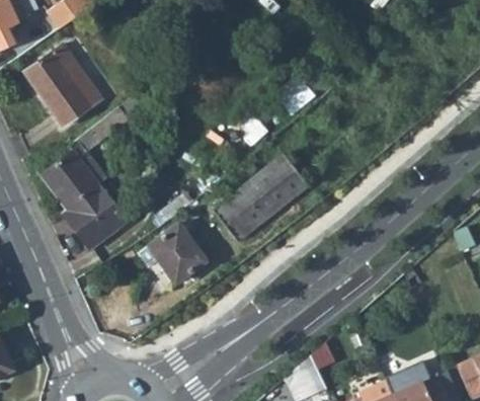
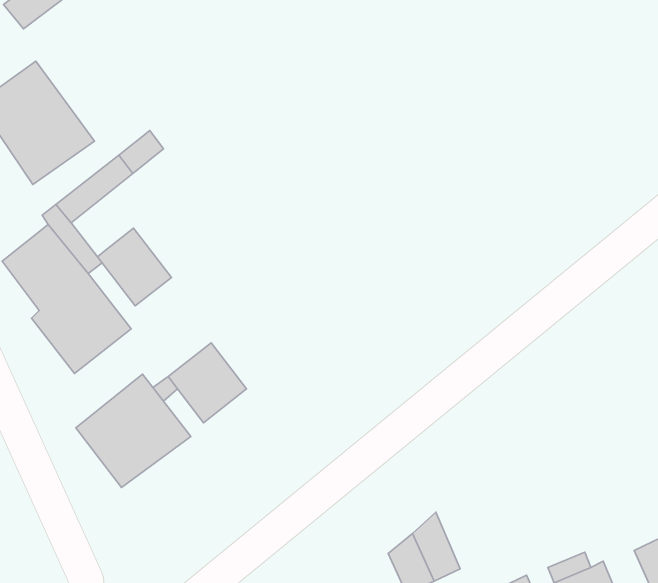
building: none -> [97,228,171,306]
building: [213,158,307,242] -> none
building: none -> [76,374,191,487]

